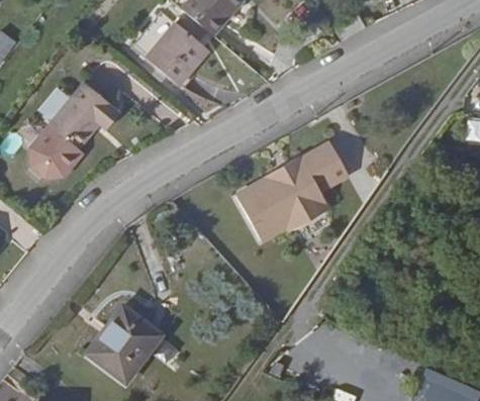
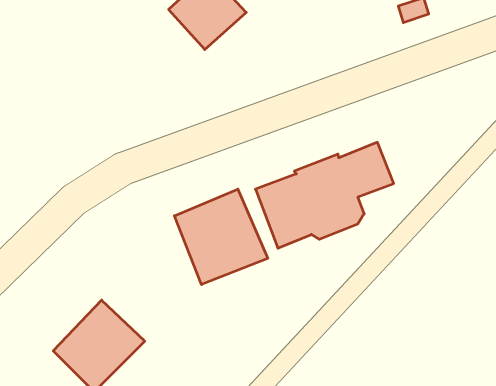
building: [28,81,119,178] -> none
building: none -> [174,189,268,285]

